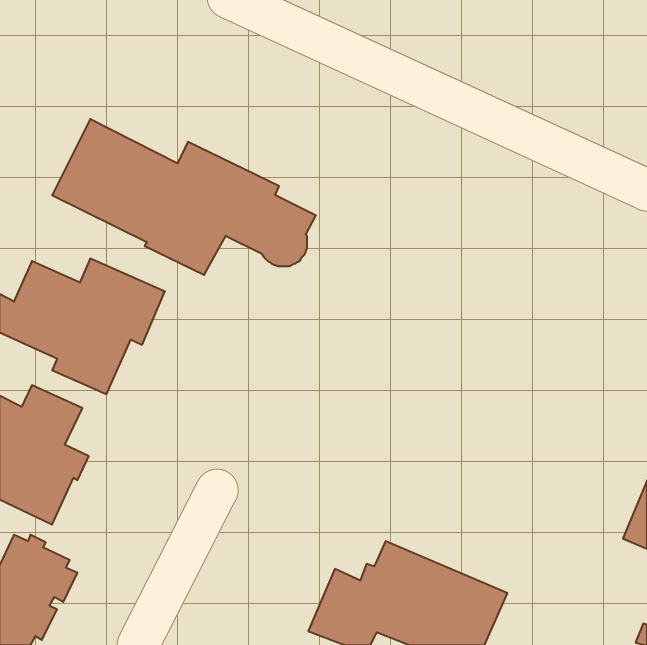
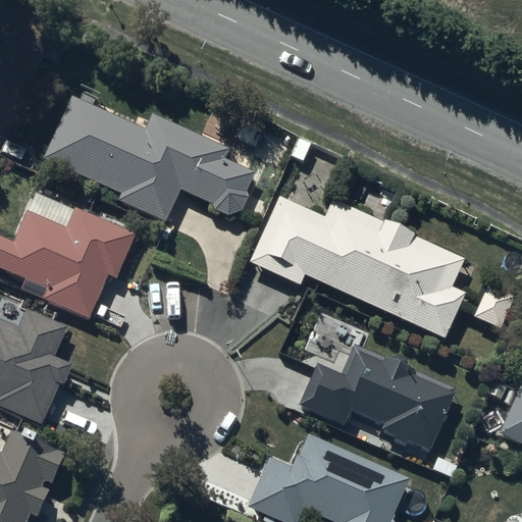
building: none -> [250,196,466,336]
building: none -> [303,348,457,453]

